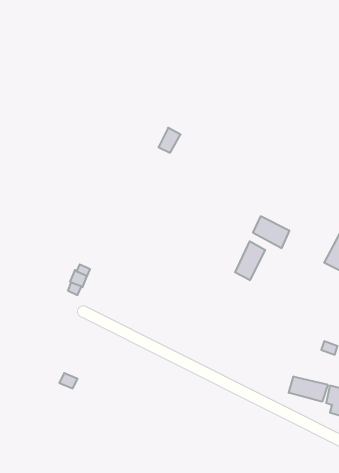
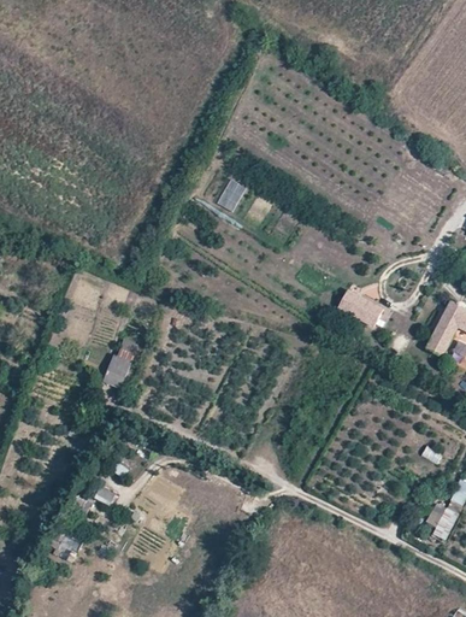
building: [235,241,265,280] -> none
building: [289,376,328,402] -> none

